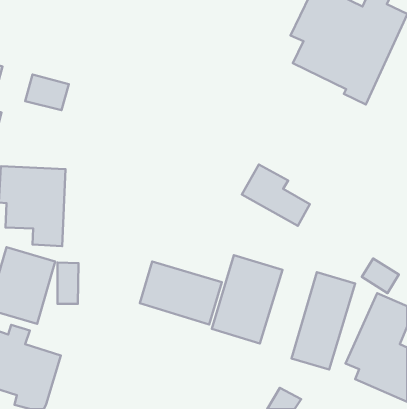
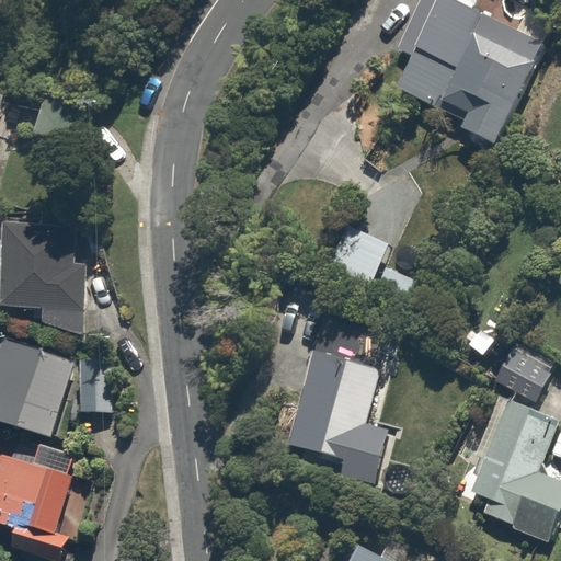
building: [140,262,222,324] -> none
building: [291,272,355,369] -> none

